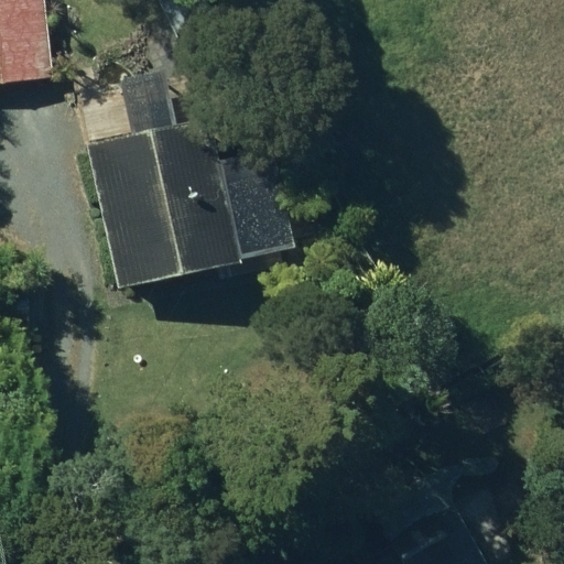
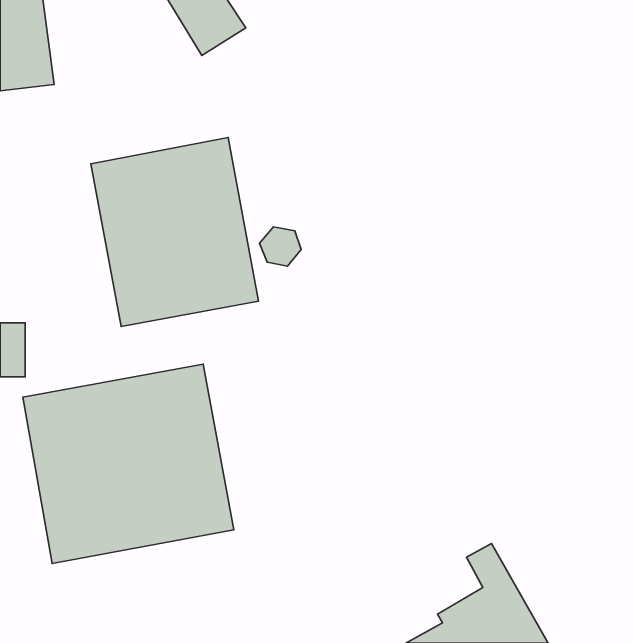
building: none -> [23,364,234,564]

